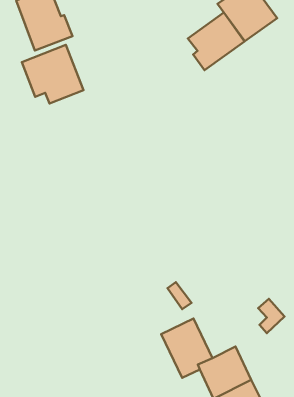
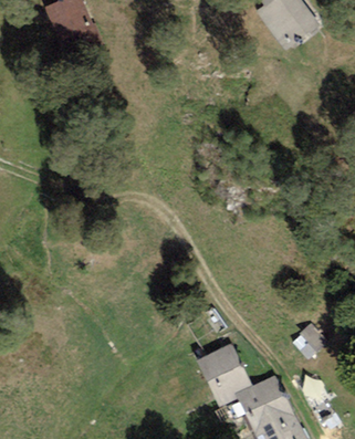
building: [188,13,245,70] -> none
building: [22,45,83,104] -> none

